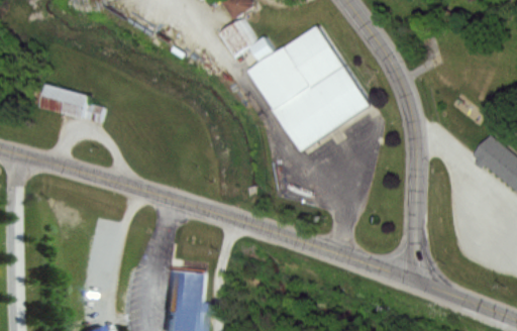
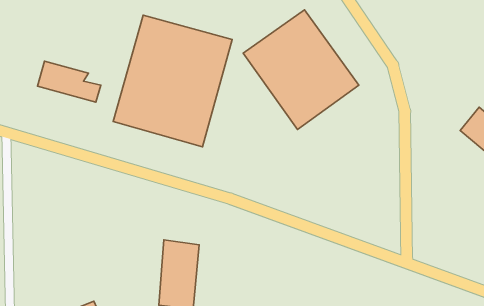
building: none -> [113,15,232,147]

